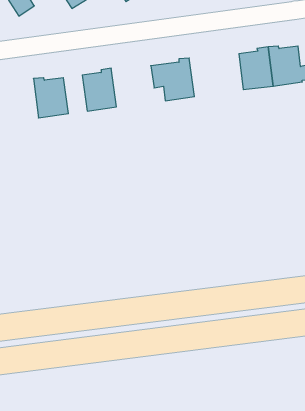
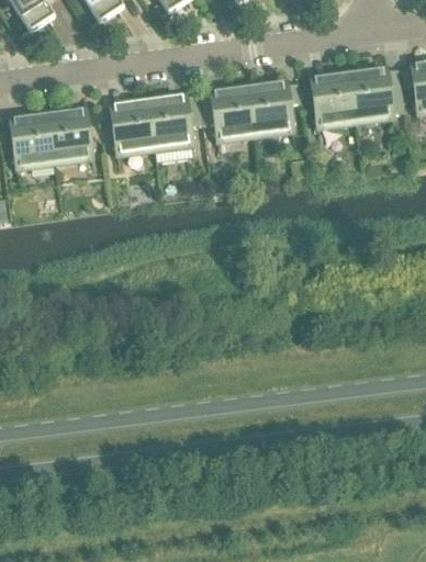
building: none -> [248,82,300,134]
building: none -> [148,94,203,147]
building: none -> [11,111,55,166]

